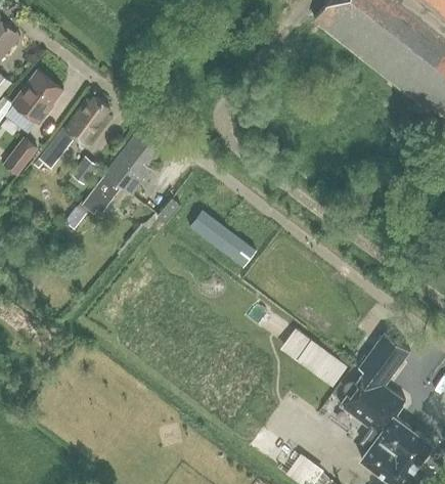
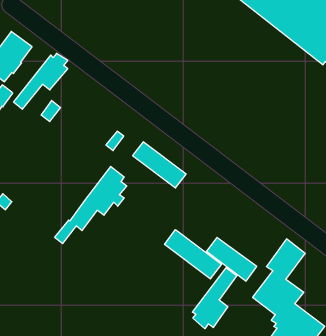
building: [65,130,157,227] -> [55,167,127,244]
building: none -> [165,230,221,279]
building: none -> [192,268,237,329]

